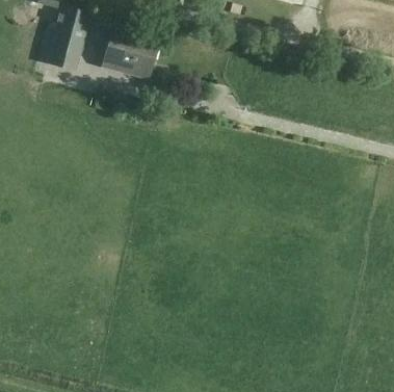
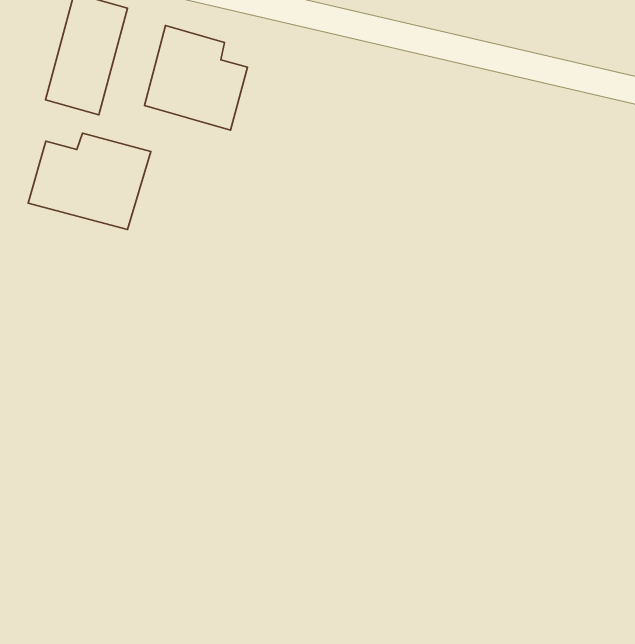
building: none -> [28,133,151,230]

